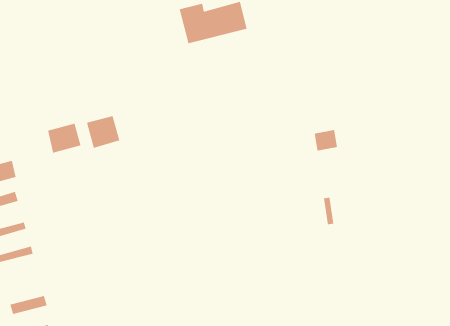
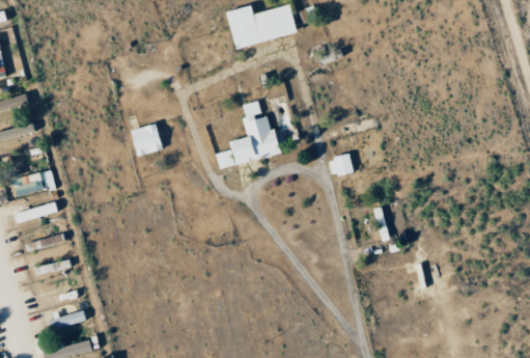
building: none -> [216,101,279,169]
building: [47,123,81,153] -> none
building: [314,129,338,151] -> [329,154,354,176]

